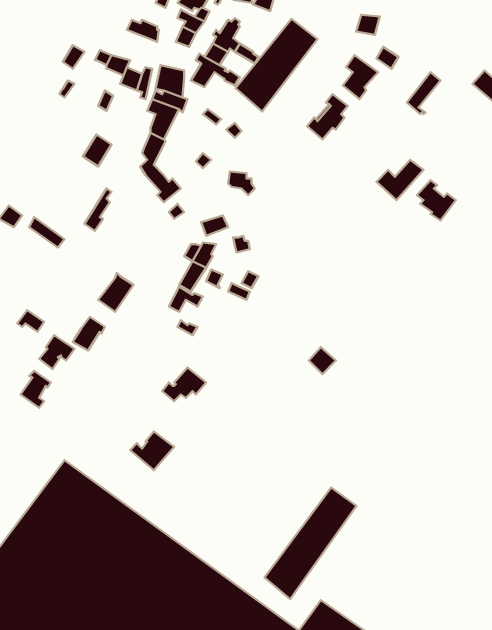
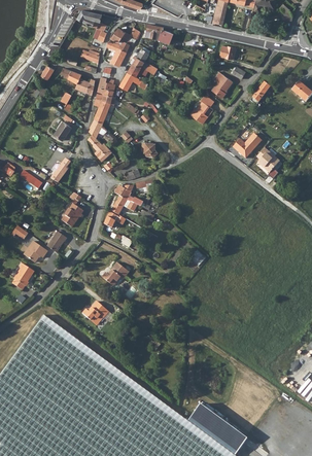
building: [235,19,318,112] -> none
building: [265,488,356,599] -> none

